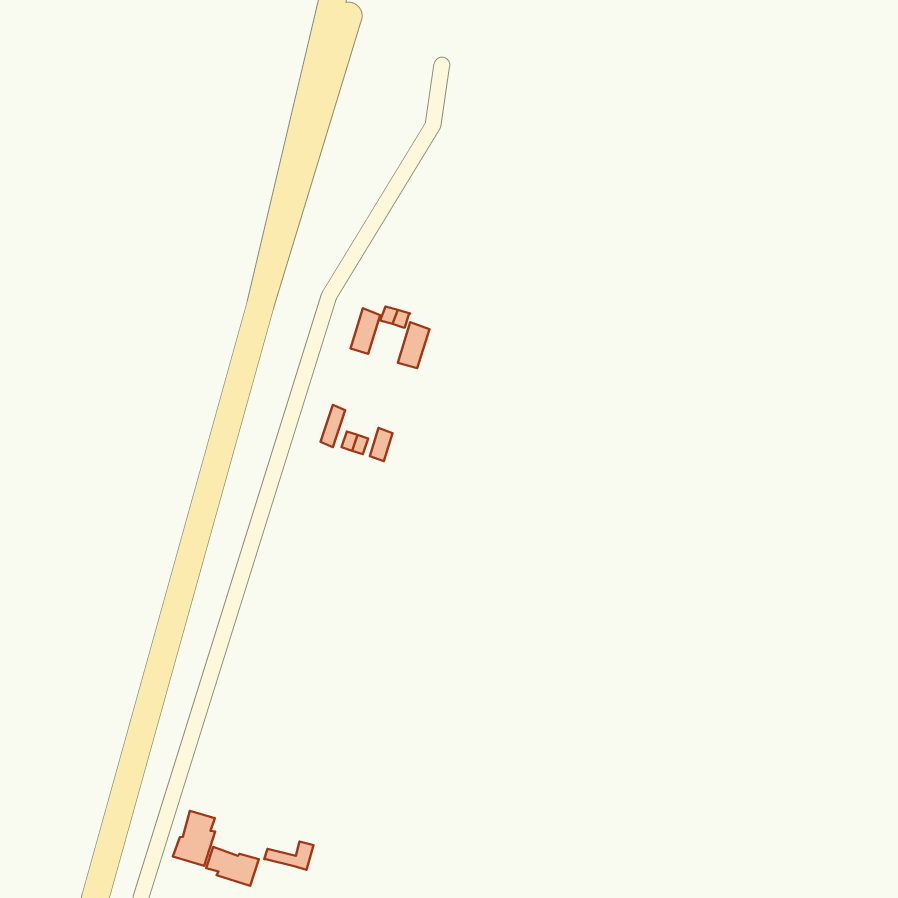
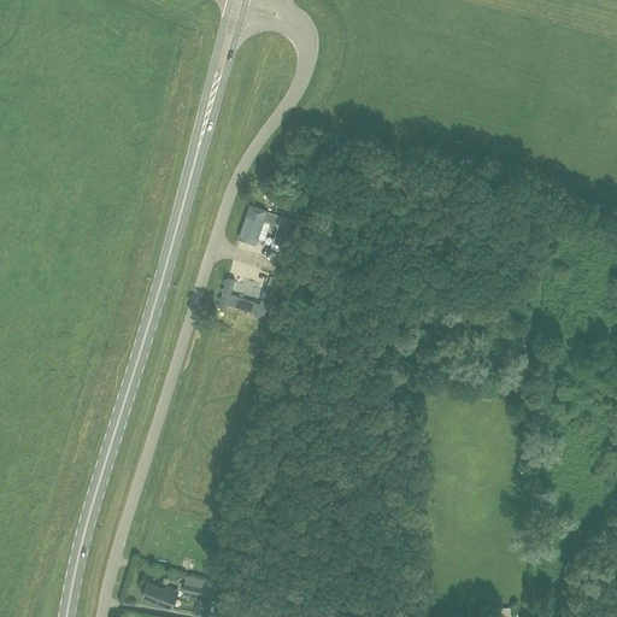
building: [173,811,215,866] -> none

